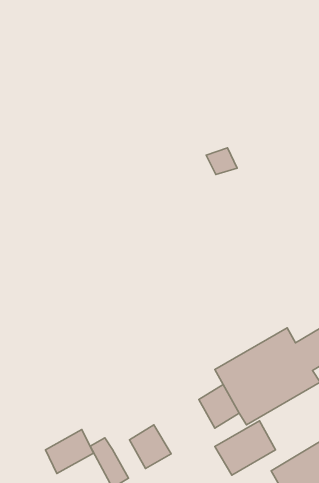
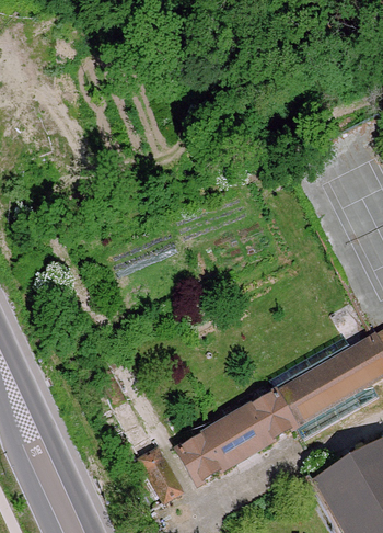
building: [215,421,276,475] -> [197,411,259,467]
building: [45,430,93,474] -> none

